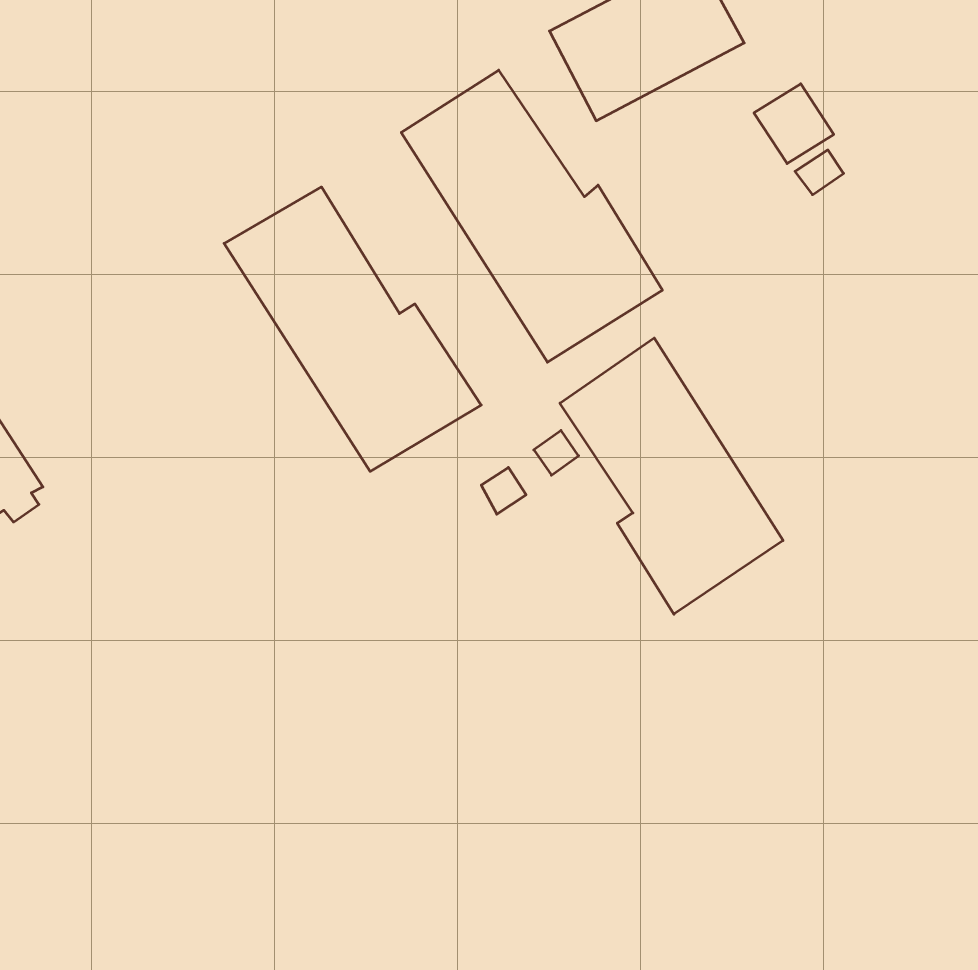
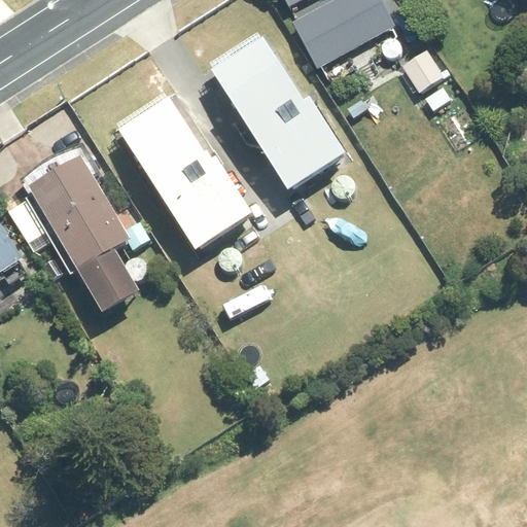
building: none -> [17,136,140,316]
building: [560,338,783,614] -> none

